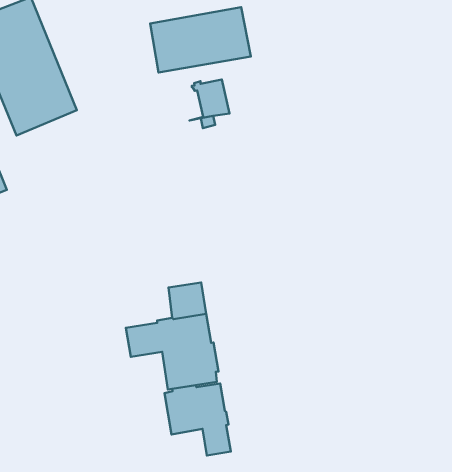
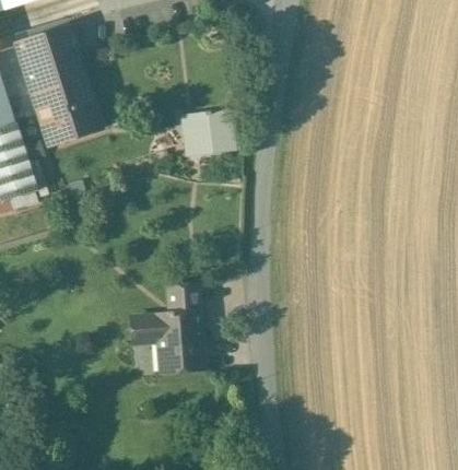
building: [150,7,251,73] -> none
building: [164,383,231,455] -> none

